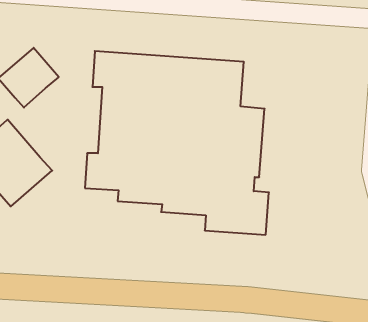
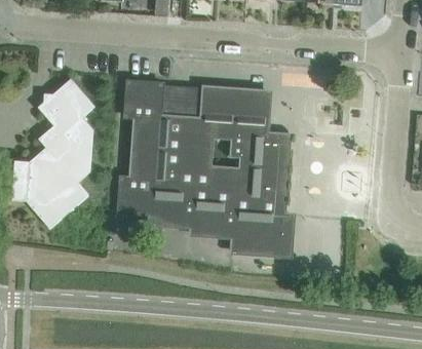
building: none -> [45,116,93,182]

